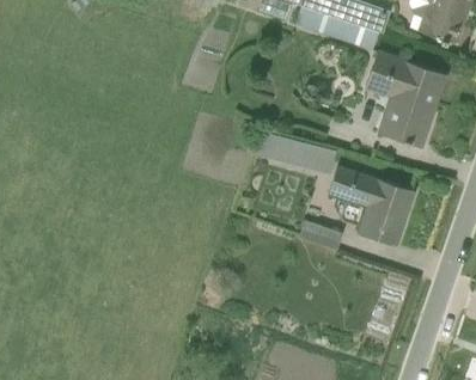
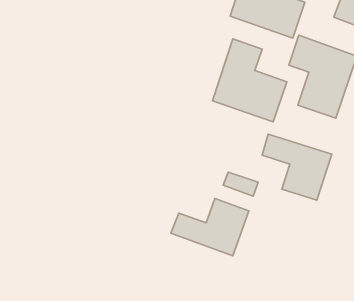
building: none -> [213,39,287,122]
building: none -> [171,198,249,256]

